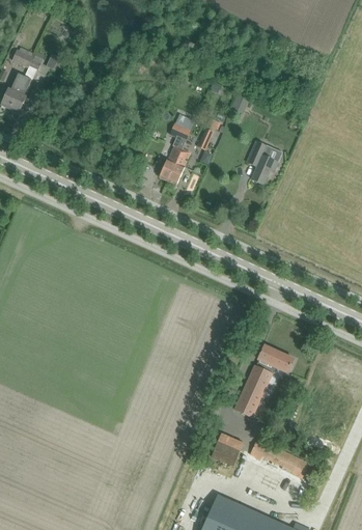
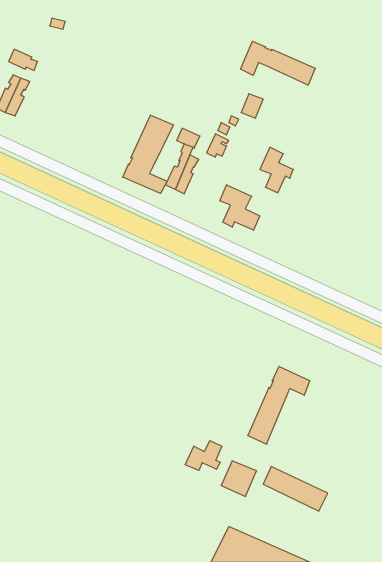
building: none -> [241,41,315,85]
building: none -> [123,115,173,193]
building: none -> [220,185,260,230]
building: none -> [185,441,222,470]

